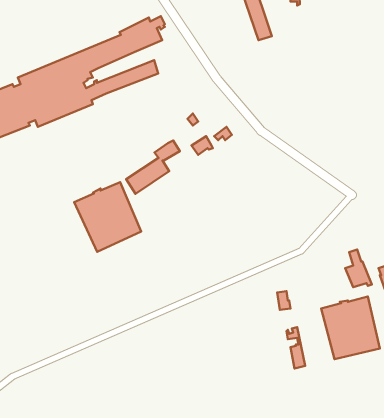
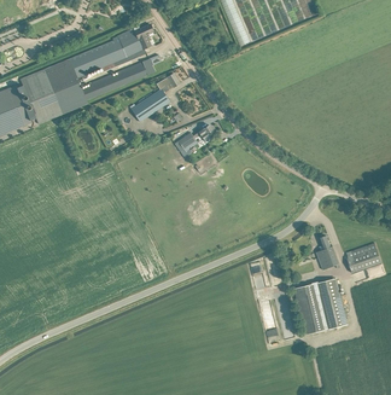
building: [126,140,180,194] -> [130,71,179,120]
building: [74,182,141,252] -> none

